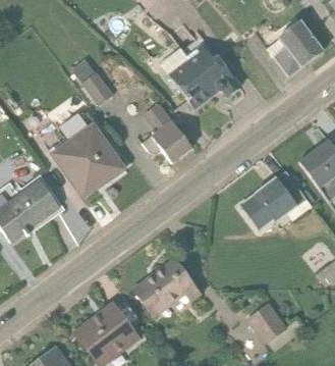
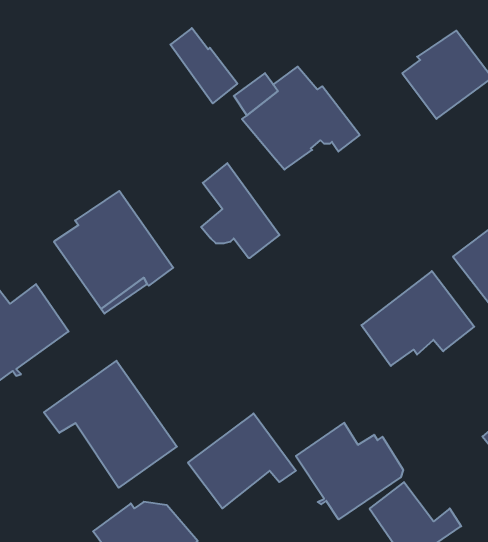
building: [72,59,114,106] -> [170,28,237,103]
building: none -> [44,361,177,488]
building: none -> [296,423,403,519]

